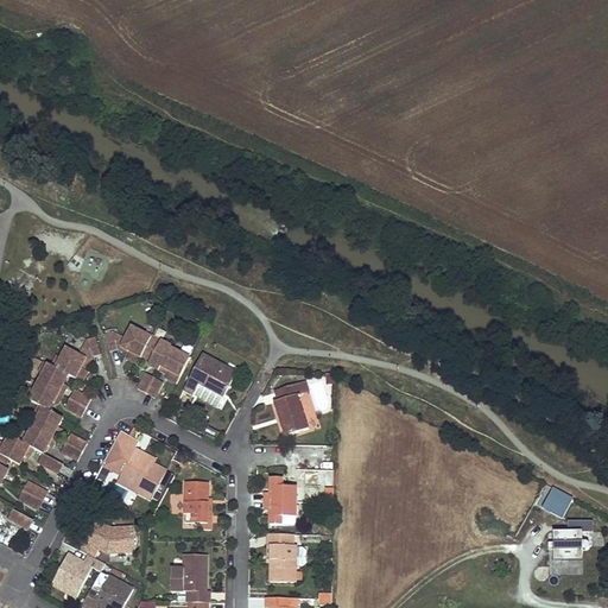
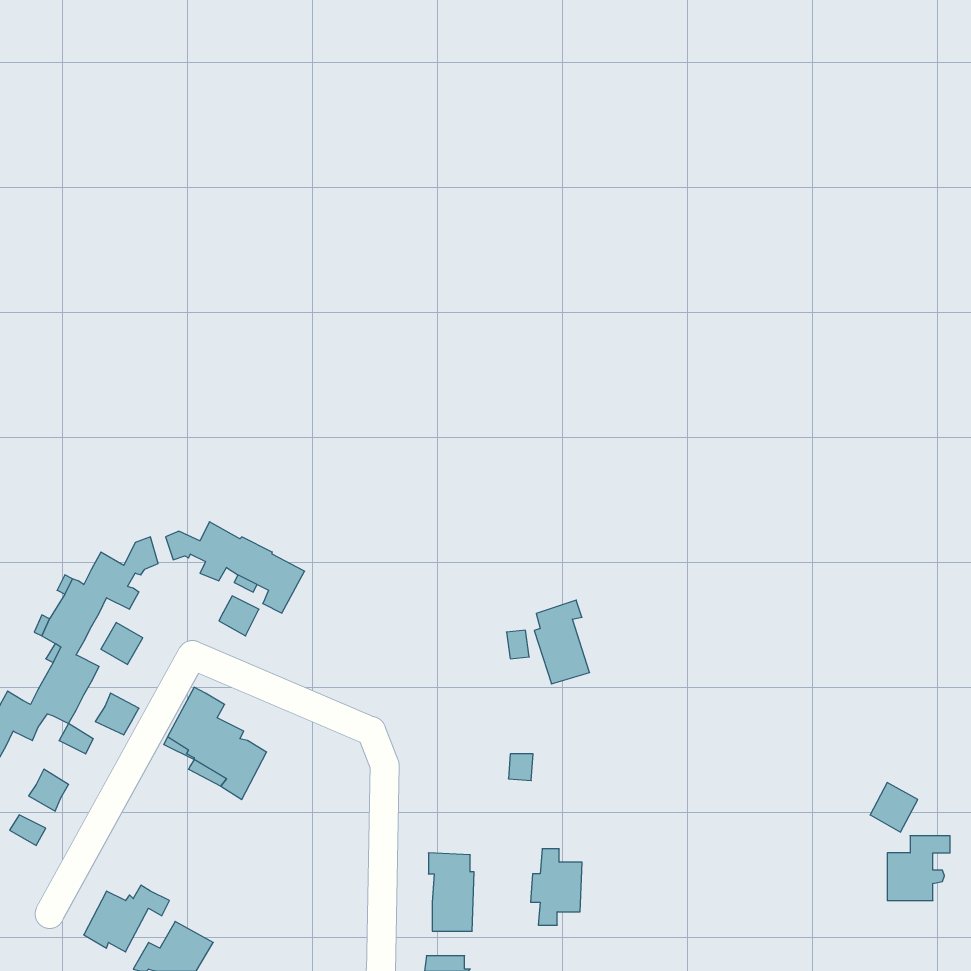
building: [184,353,236,392] -> none
building: [274,381,309,433] -> [534,600,590,684]
building: [265,476,297,524] -> [531,849,582,925]
building: [184,481,211,521] -> none
building: [76,518,133,556] -> none
building: [170,555,209,601] -> none

